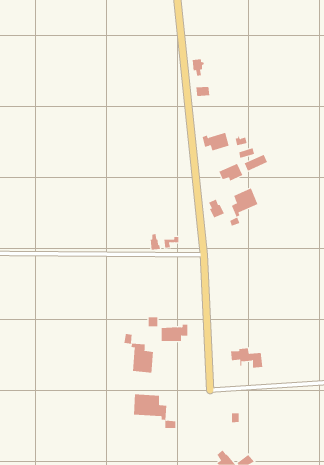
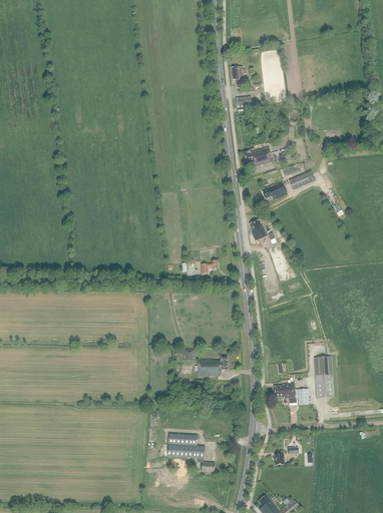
building: [229,188,258,227] -> none
building: none -> [314,357,334,398]
building: [124,333,153,373] -> none

